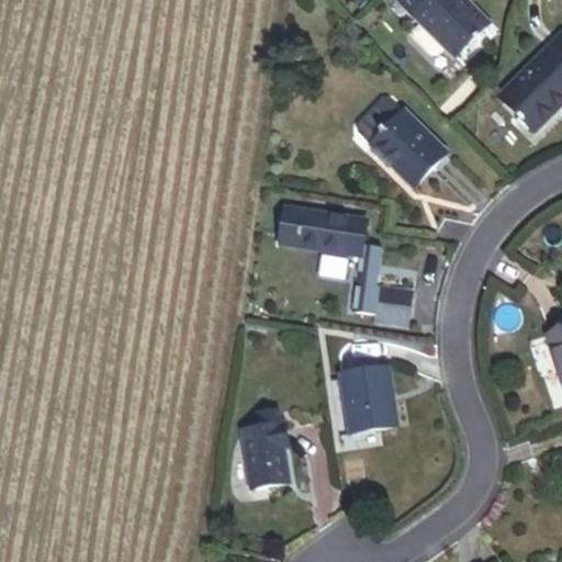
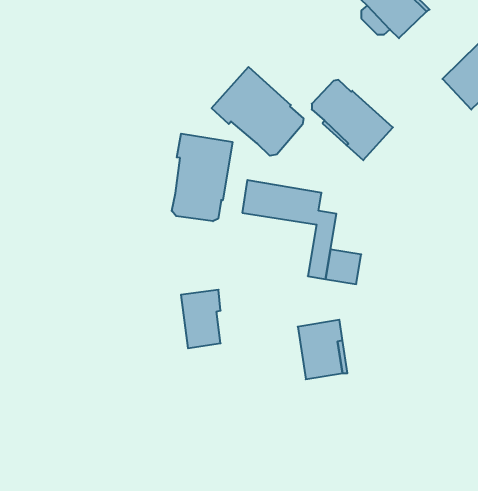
building: none -> [212,67,304,156]
building: none -> [172,134,232,221]
building: [245,430,289,495] -> [181,290,221,348]

